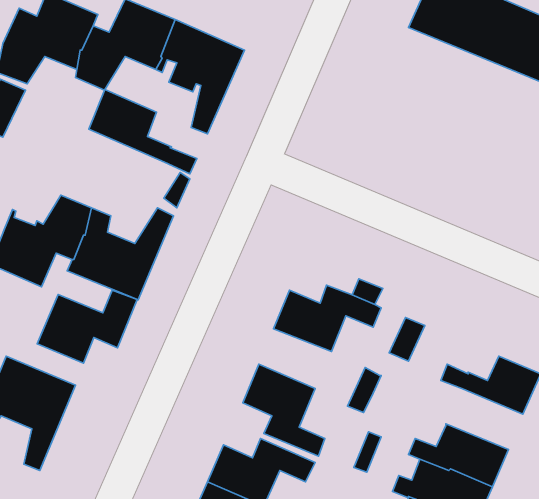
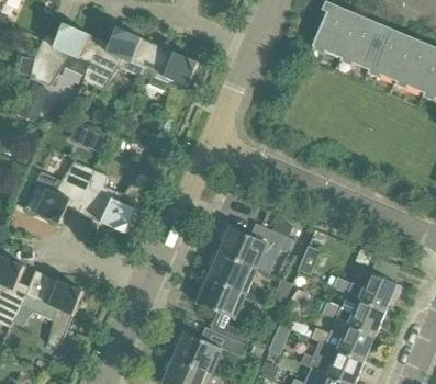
building: [89,90,197,174] -> none
building: [37,290,137,363] -> none
building: none -> [208,251,257,292]
building: none -> [321,292,388,334]

